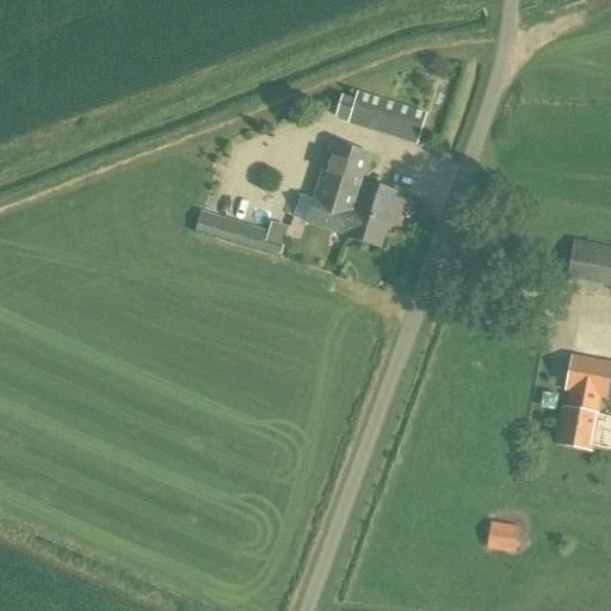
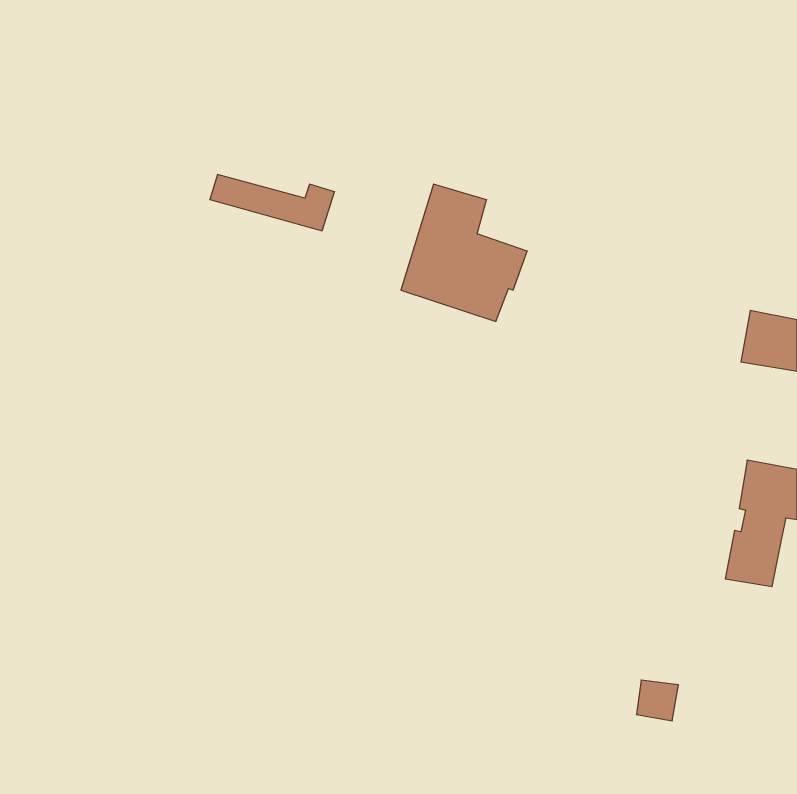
building: [339,92,428,140] -> none
building: [195,211,290,254] -> [210,175,335,231]

